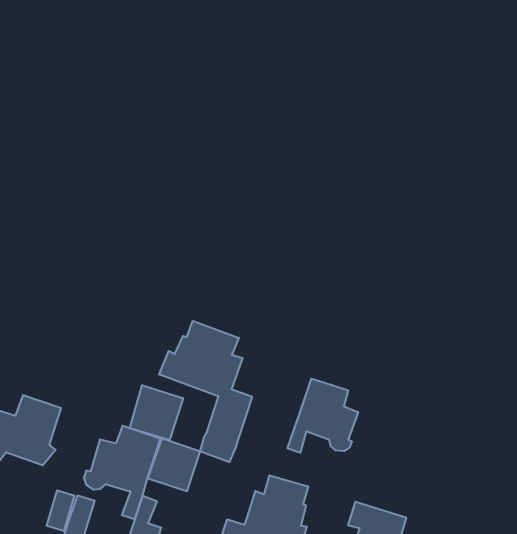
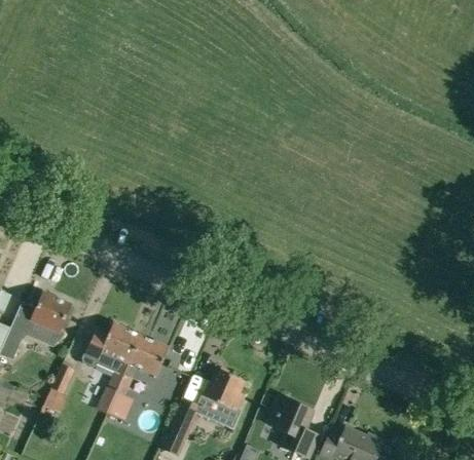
building: [159,321,252,462] -> none
building: [288,379,358,453] -> none
building: [130,385,183,440] -> none

